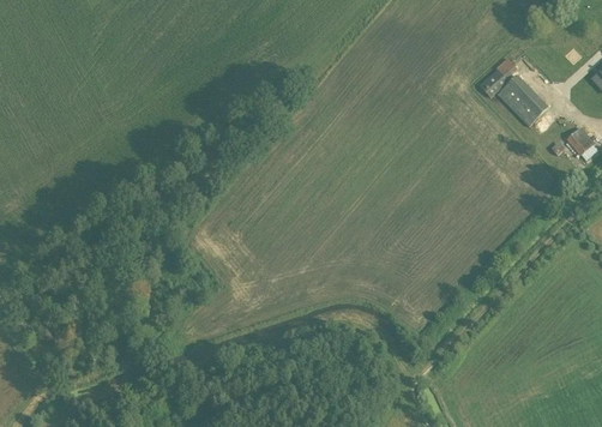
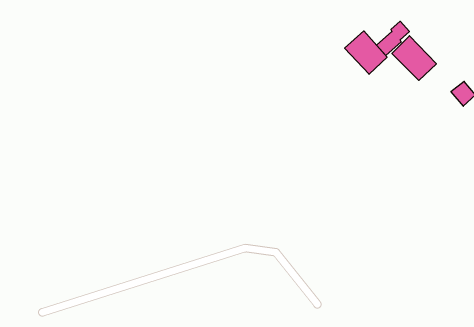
building: none -> [345,31,387,74]

